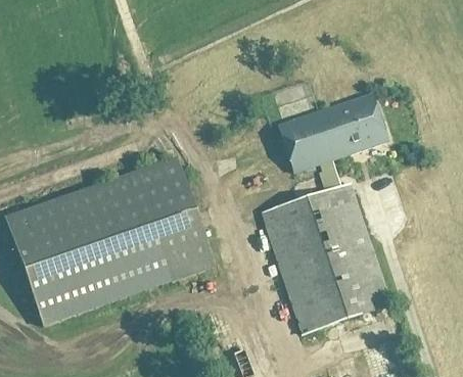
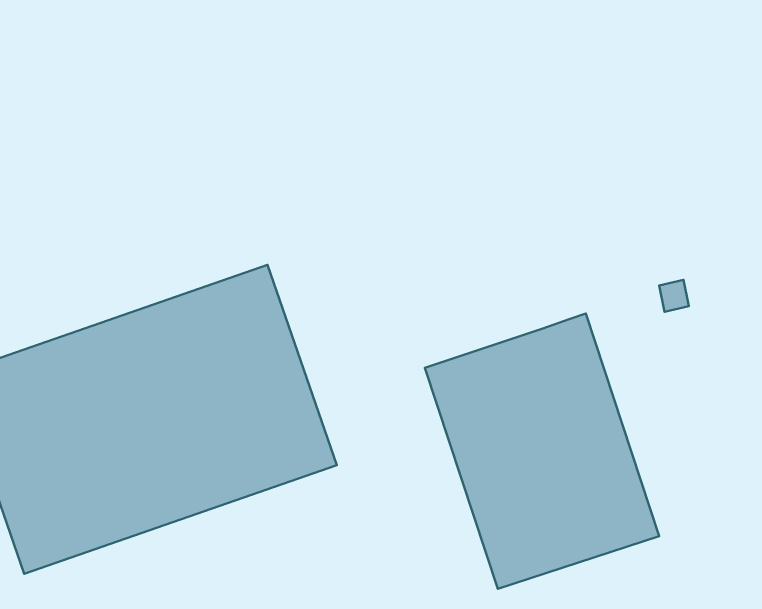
building: [278,94,388,172] -> none

